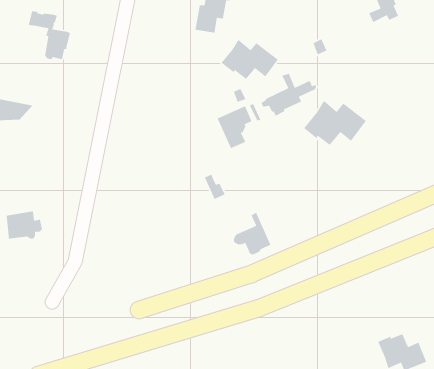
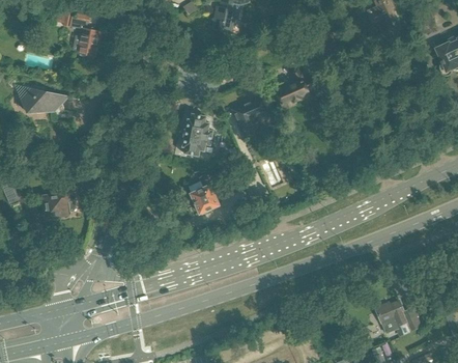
building: [221,39,279,80] -> none
building: [303,100,367,146] -> none
building: none -> [182,112,214,156]
building: [233,212,271,256] -> [184,174,219,214]

